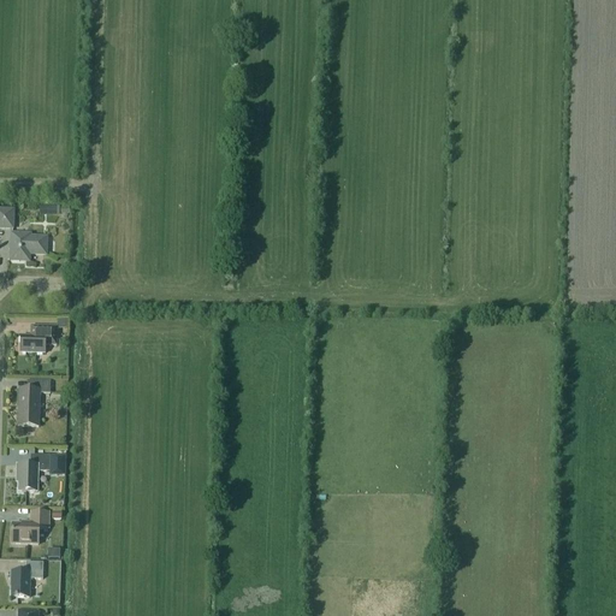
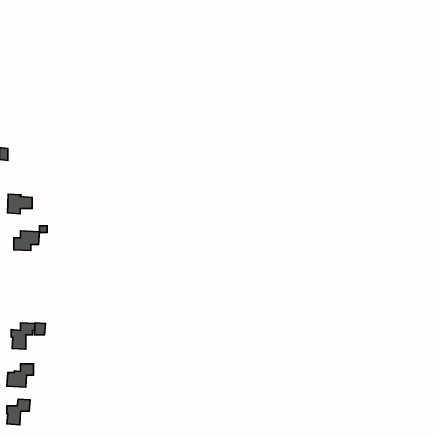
building: [10,231,45,259] -> [7,194,32,214]
building: [17,378,49,425] -> none

